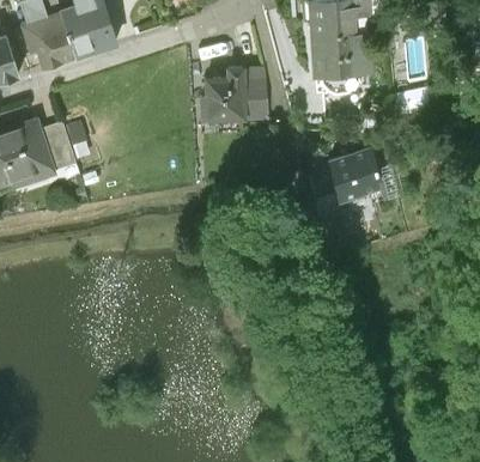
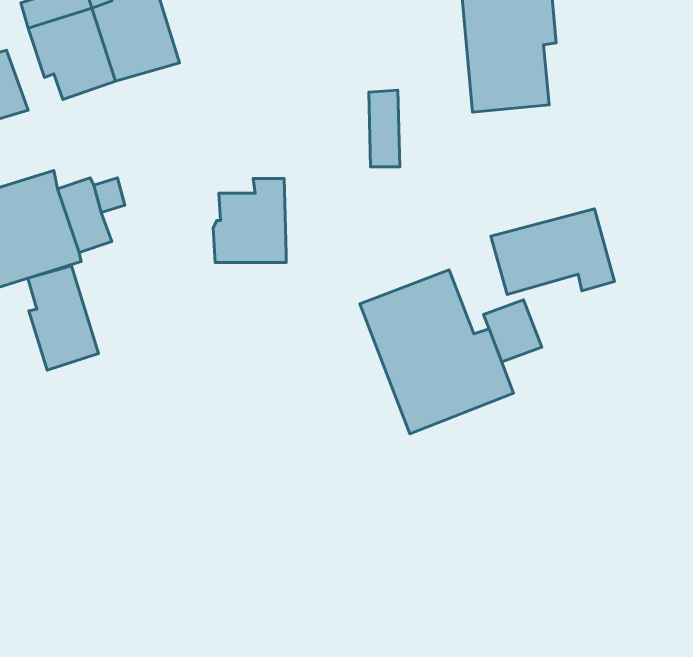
building: [198,67,245,122] -> [213,179,286,262]
building: none -> [28,266,99,370]
building: none -> [360,270,514,434]

